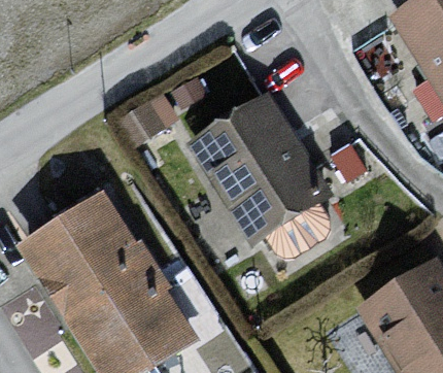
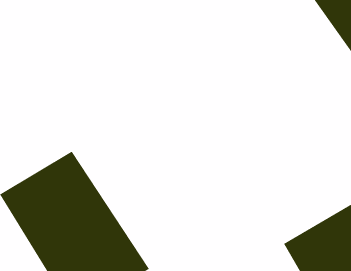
building: [186,95,332,240] -> none

